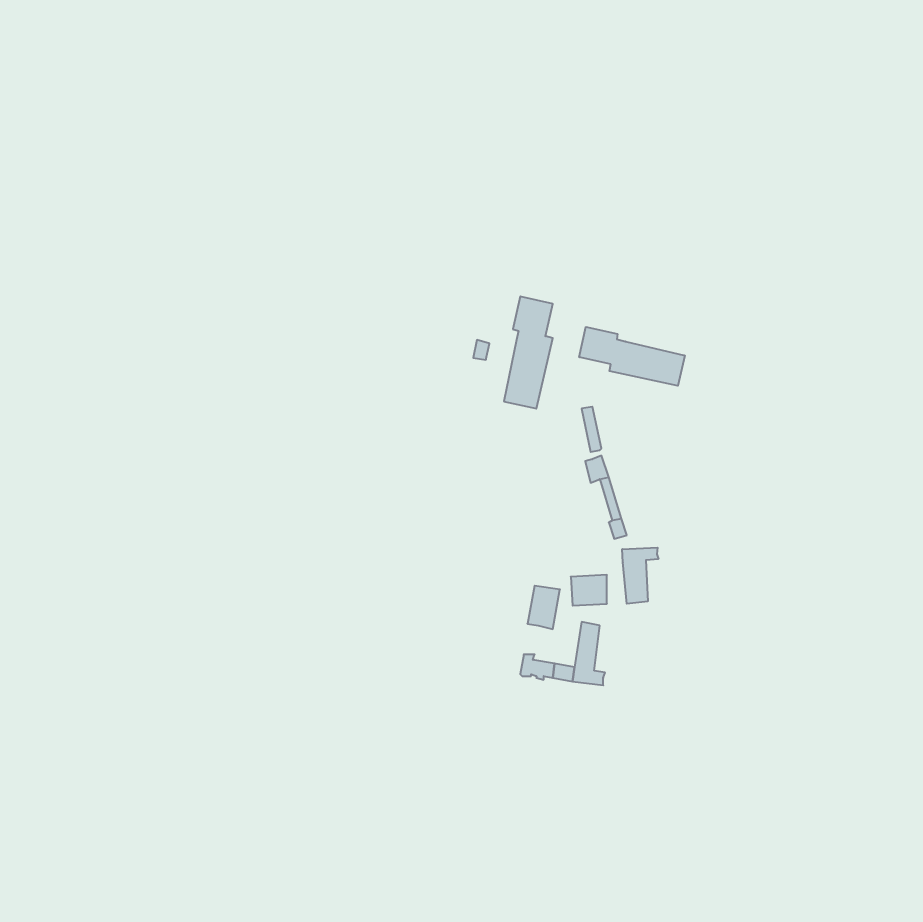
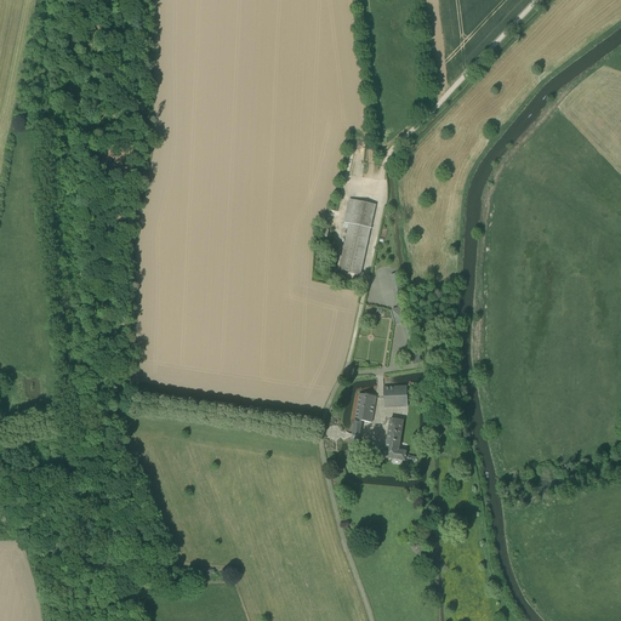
building: [579,327,685,386] -> none
building: [622,548,658,604] -> none

